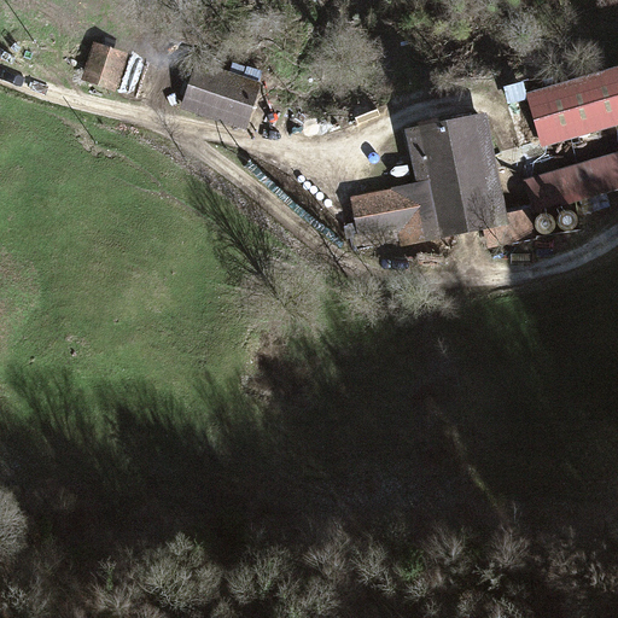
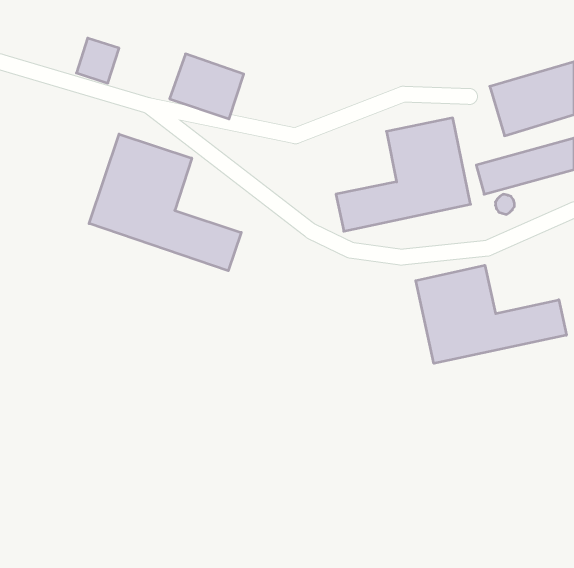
building: none -> [89,134,241,271]
building: none -> [416,265,566,363]

